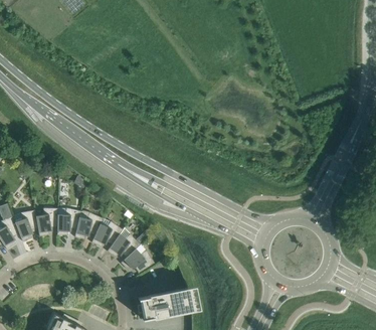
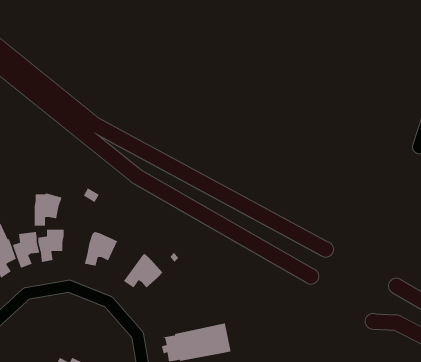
building: [56,208,80,236] -> [34,192,63,226]
building: [90,219,122,248] -> none
building: [120,250,153,274] -> none

